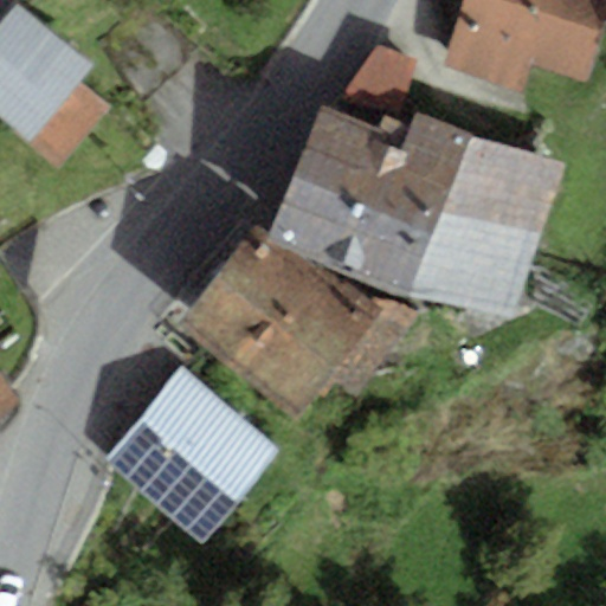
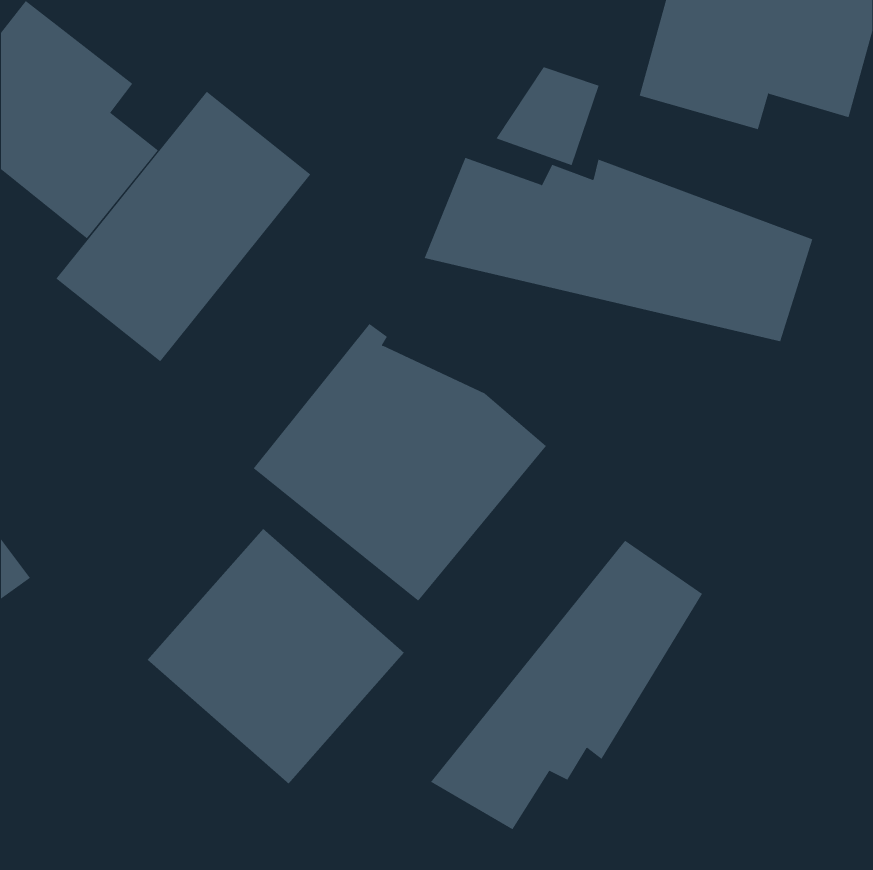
building: none -> [56,91,311,362]
building: [265,179,541,312] -> none
building: none -> [430,540,703,830]

